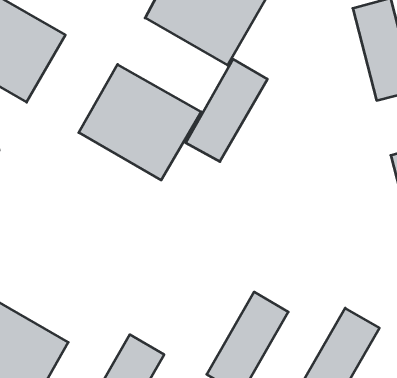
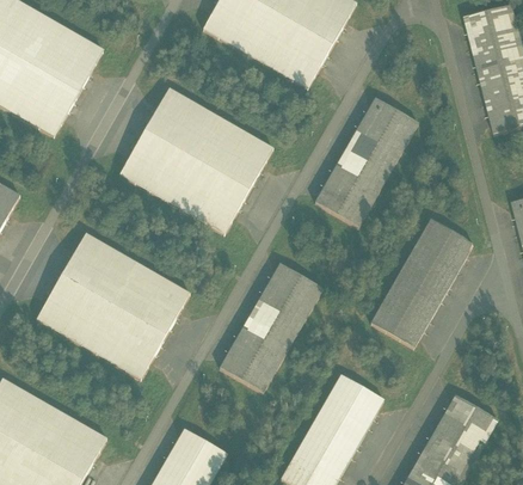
building: [186,59,267,162] -> [315,97,418,226]
building: none -> [370,217,473,346]
building: none -> [36,233,190,377]
building: none -> [220,263,322,392]

